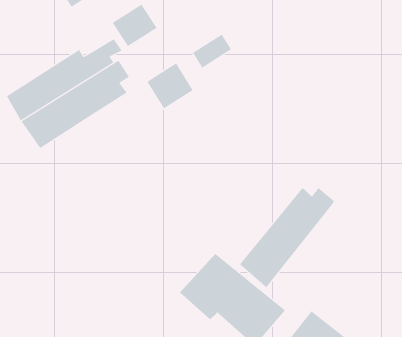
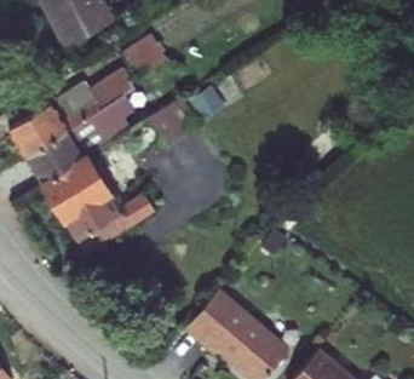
building: none -> [44,156,155,253]
building: [239,187,335,288] -> none

